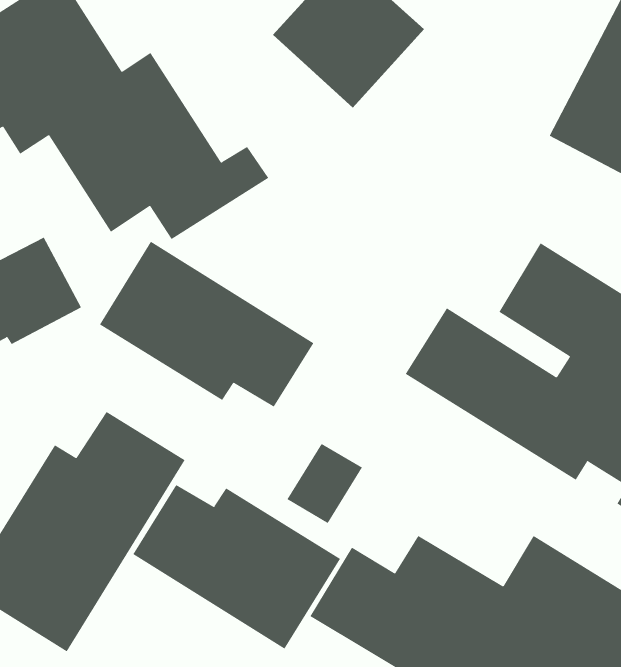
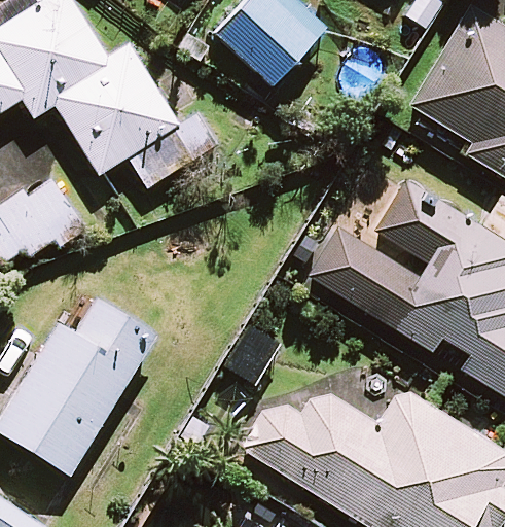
building: [99,241,314,407] -> none
building: [132,484,341,649] -> none

